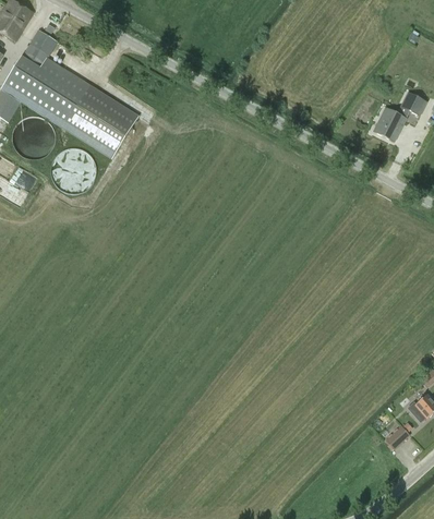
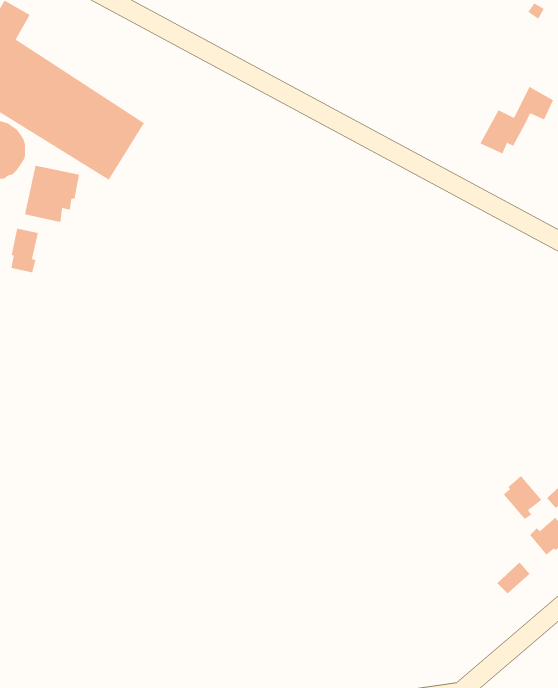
building: none -> [11,228,39,273]
building: none -> [503,475,542,520]

